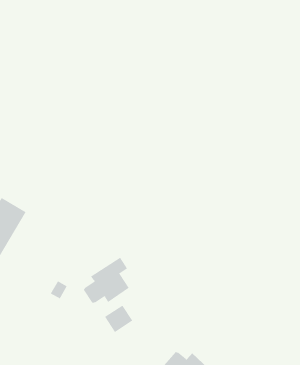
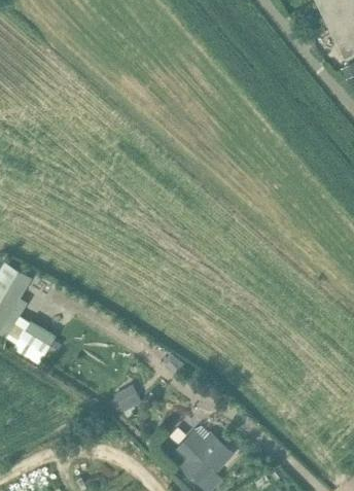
building: none -> [21,319,58,354]
building: [83,257,129,304] -> none

